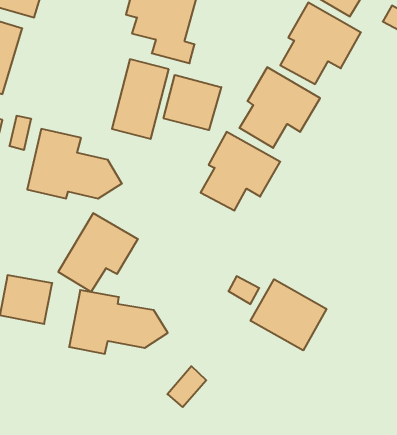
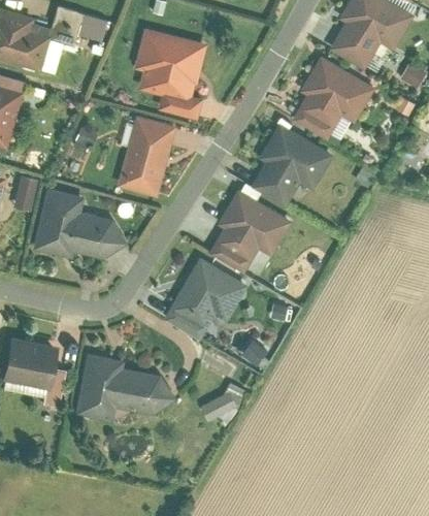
building: [164,75,221,130] -> none
building: [58,213,138,292] -> [166,259,249,341]
building: [251,279,326,350] -> none
building: [167,366,206,407] -> [203,379,243,421]

